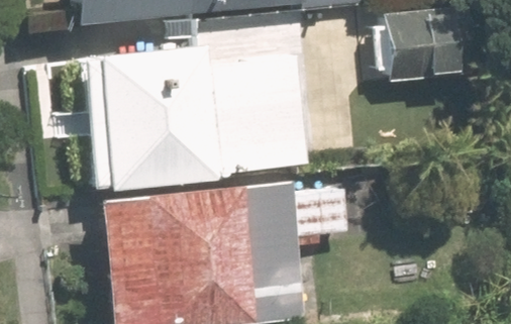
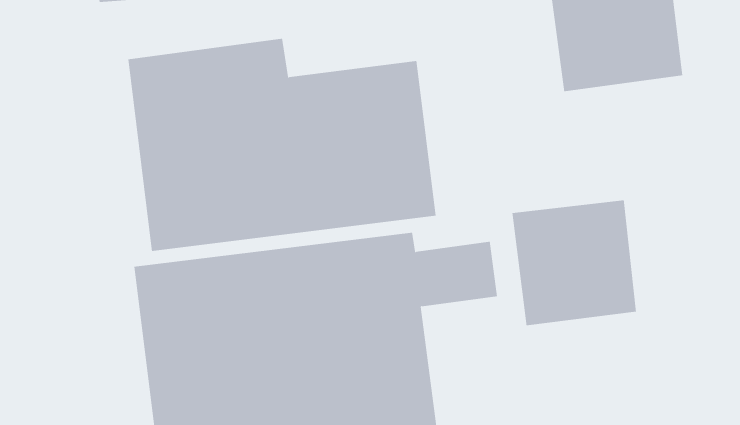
building: none -> [512,199,637,326]

